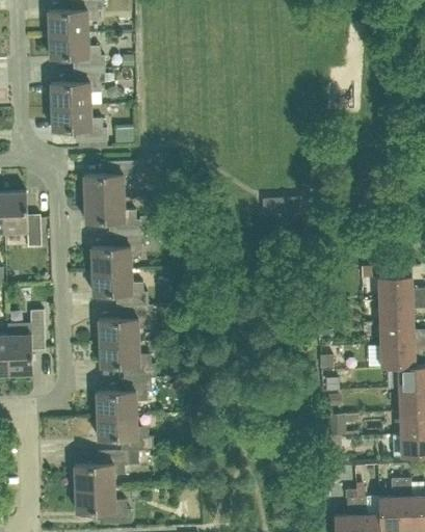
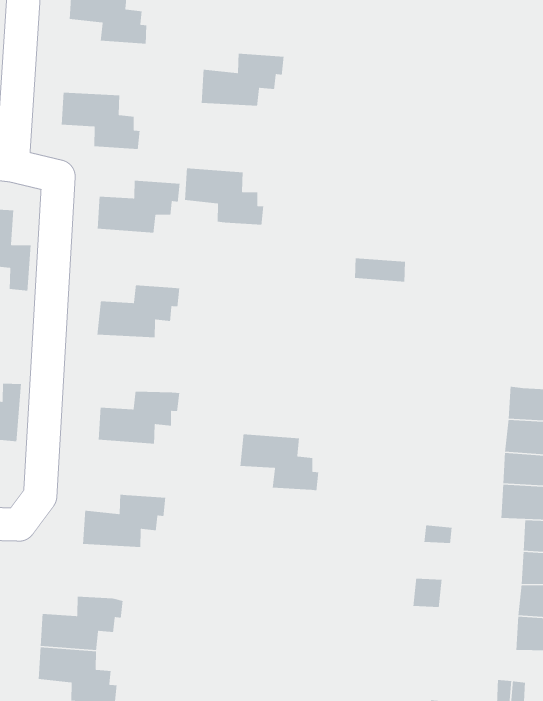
building: [49,69,104,107] -> [201,53,284,106]
building: [83,197,139,234] -> [184,167,264,225]
building: [90,269,147,307] -> none
building: [99,342,154,378] -> [239,433,319,491]
building: [96,414,152,451] -> none

